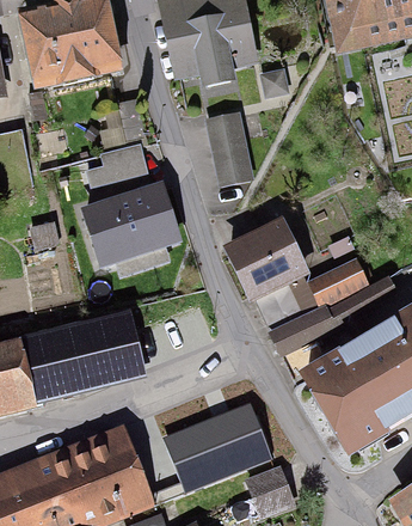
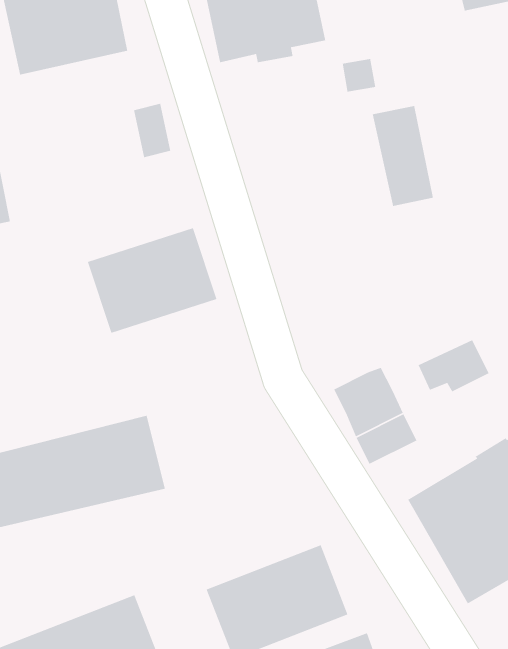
building: [208,112,251,183] -> [372,105,434,207]
building: [88,143,146,184] -> none
building: [230,220,300,299] -> none

